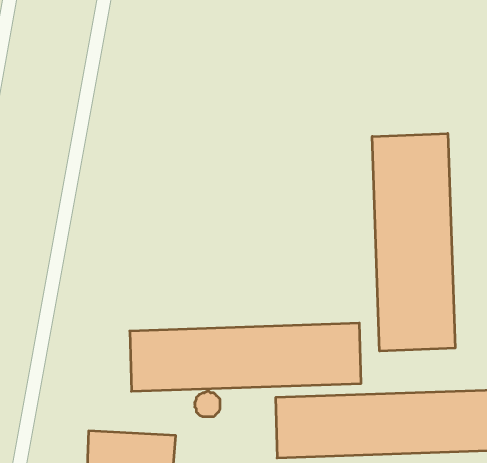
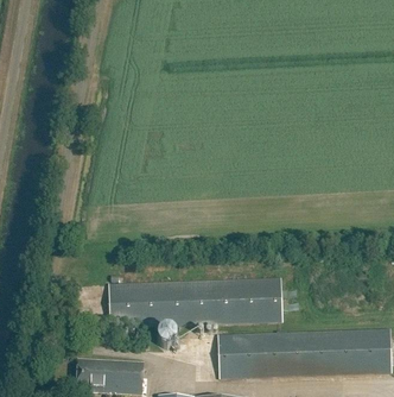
building: [372,133,455,351] -> none

